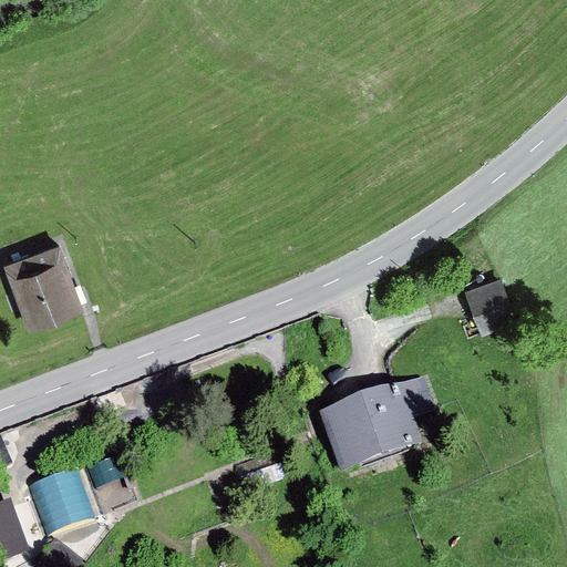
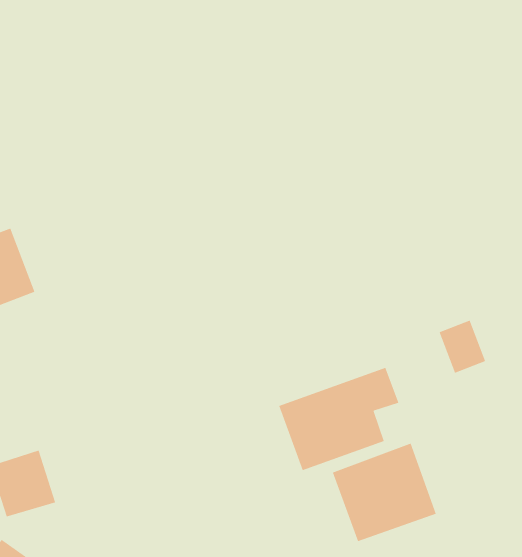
building: [467,279,514,332] -> [439,319,486,374]
building: none -> [332,442,437,542]

